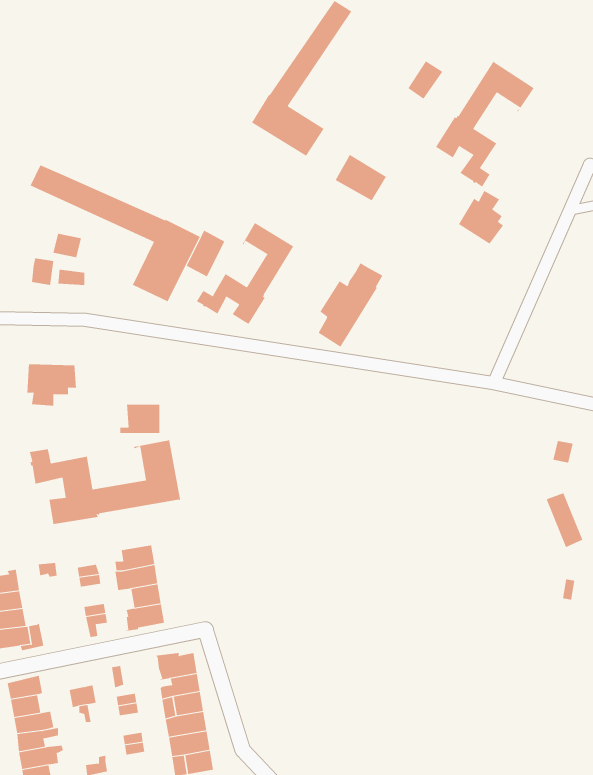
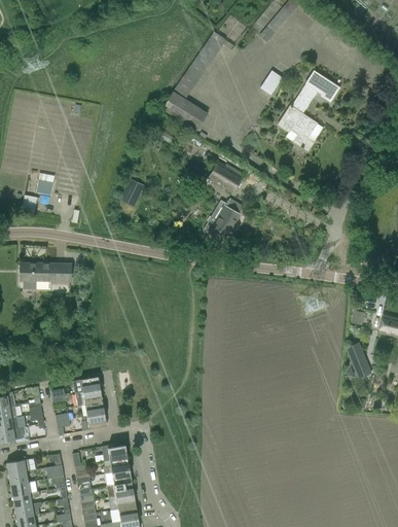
building: [335,154,387,201] -> [209,162,242,191]
building: [30,164,200,302] -> none
building: [458,190,504,244] -> none
building: [196,222,295,325] -> none
building: [120,404,160,434] -> [46,262,72,281]
building: [29,440,181,525] -> none

